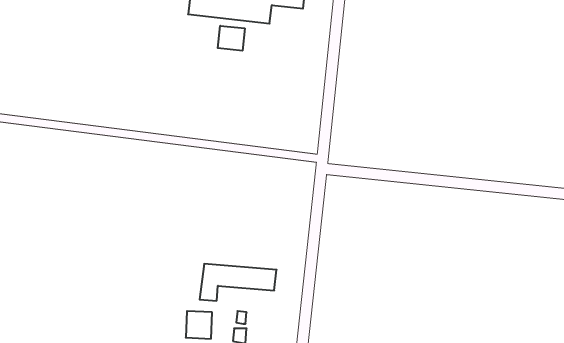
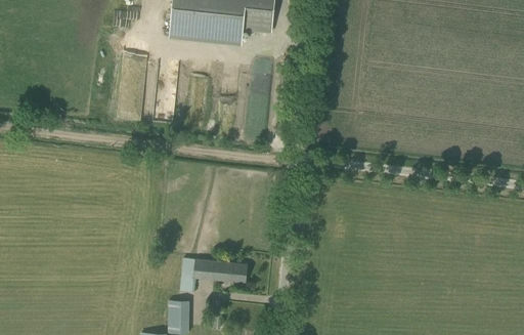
building: [218,26,245,51] -> none

